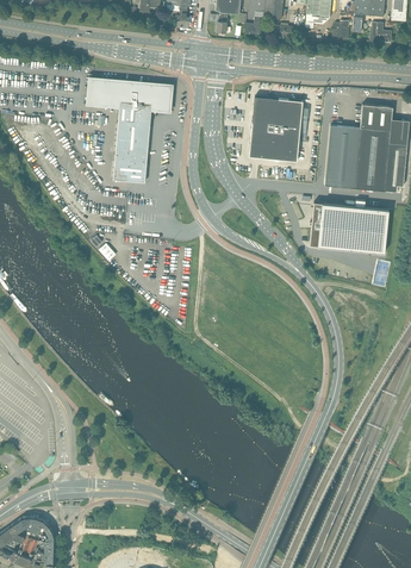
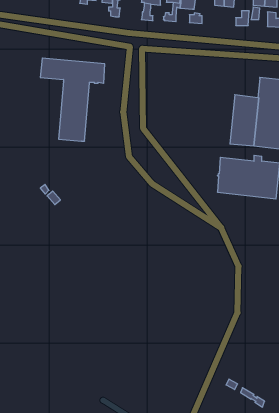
building: [249,95,303,160] -> none

